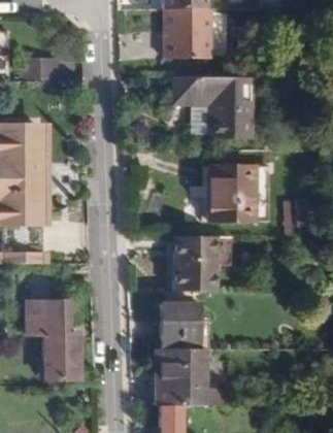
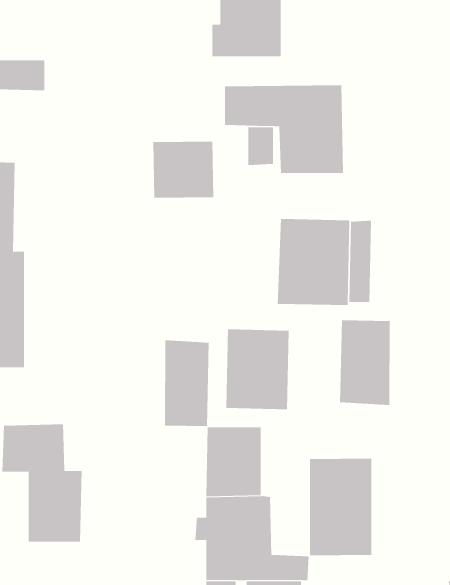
building: none -> [153,141,214,199]
building: none -> [340,319,390,406]
building: none -> [164,339,209,427]
building: none -> [310,458,372,556]

